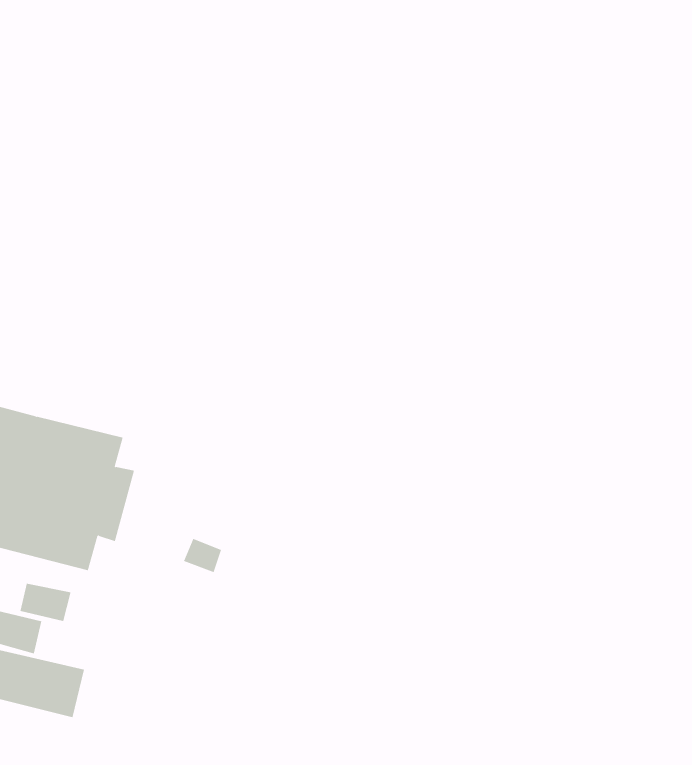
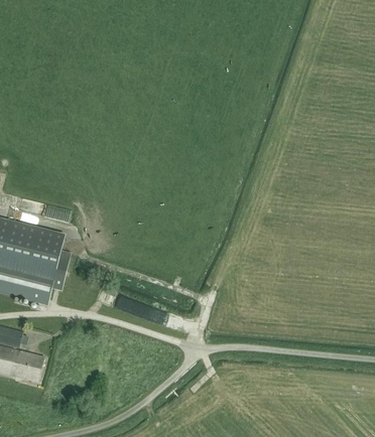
building: [20,583,71,622] -> none

